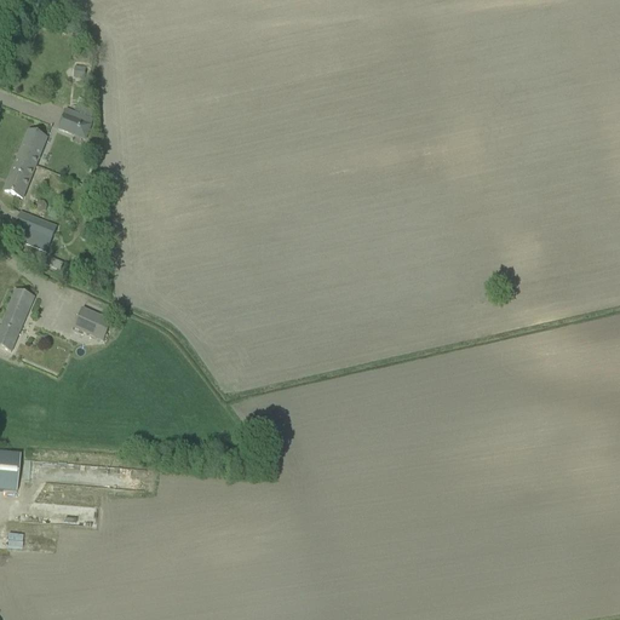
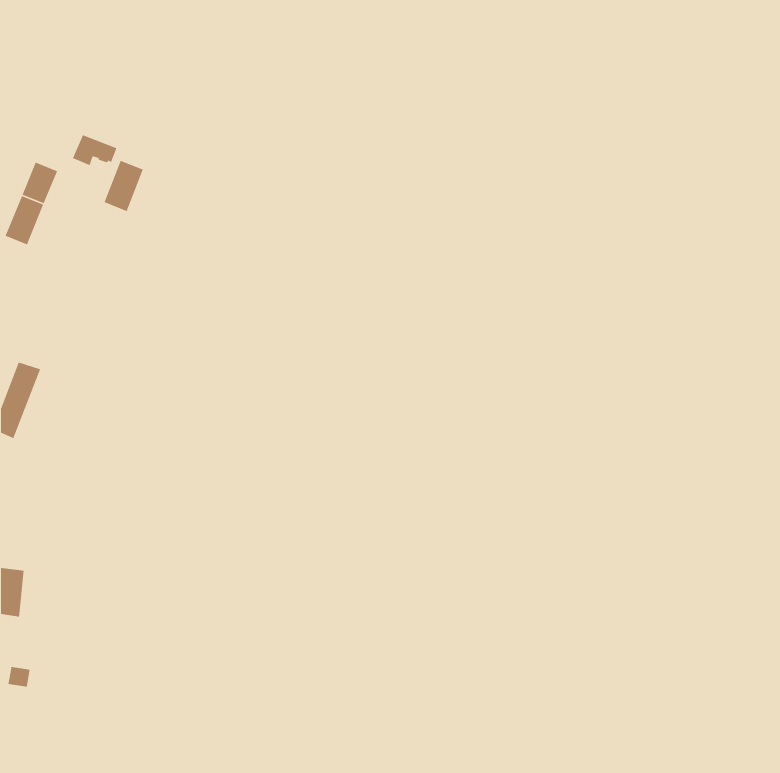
building: none -> [103,160,144,212]
building: [12,208,56,248] -> none
building: [73,305,111,339] -> none

